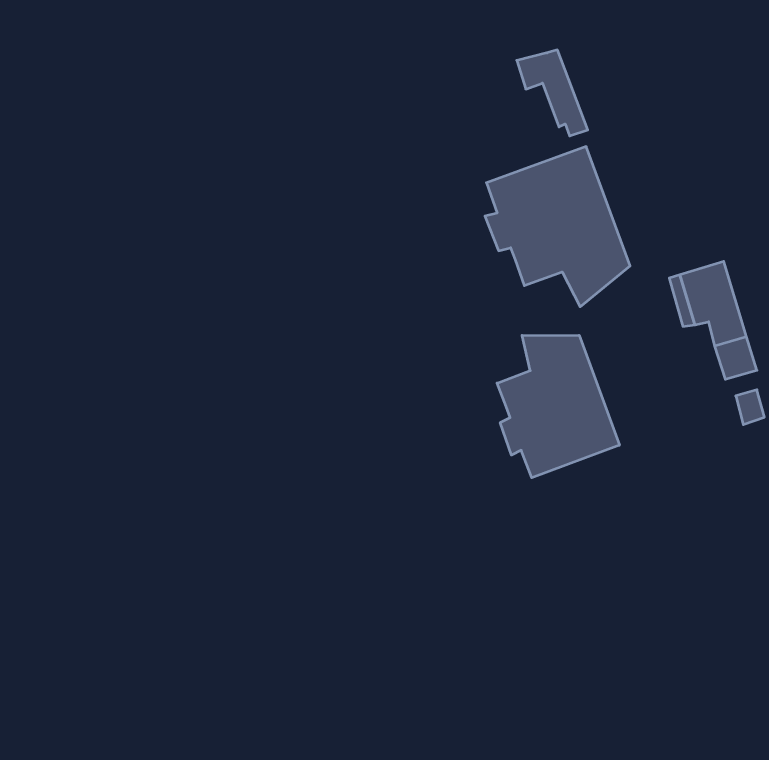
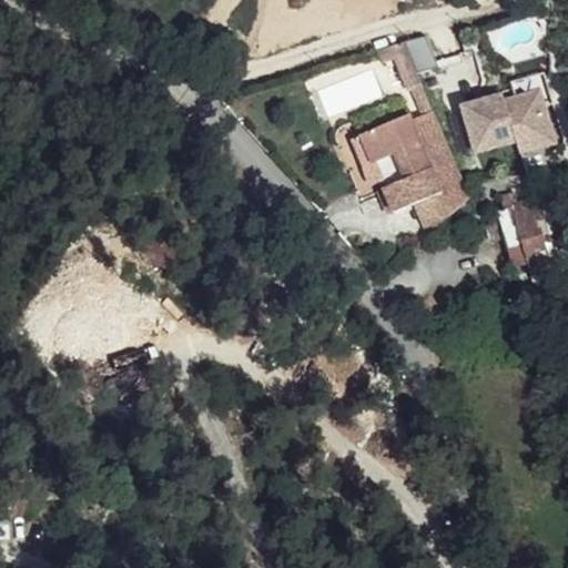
building: none -> [459,79,556,163]
building: [497,335,619,478] -> none

